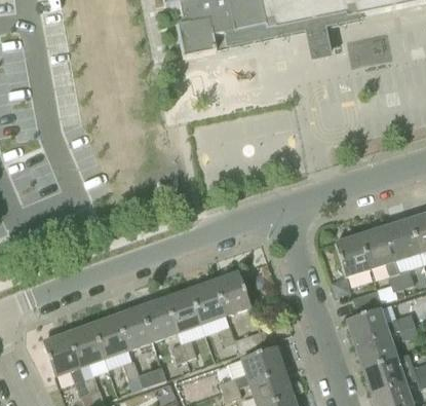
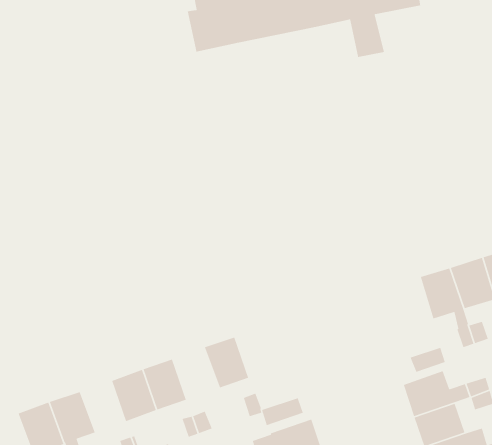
building: [335,234,371,276] -> none
building: [215,272,250,315] -> none
building: [165,290,202,332] -> none
building: [92,317,128,358] -> none

